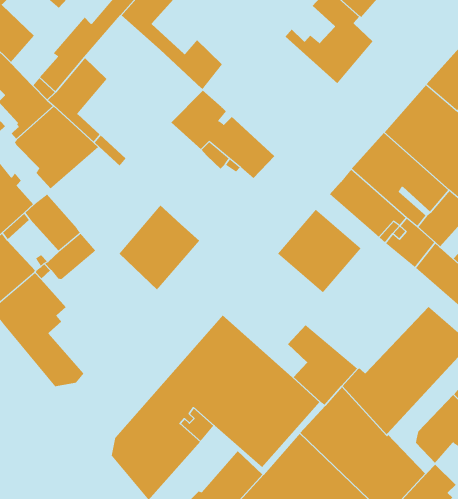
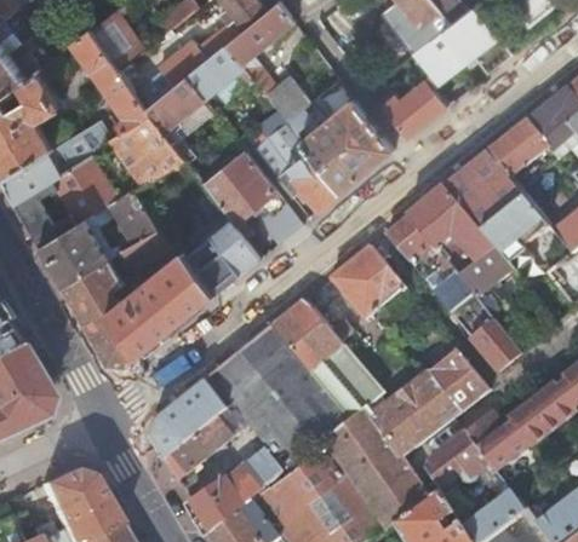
building: none -> [185,44,253,98]
building: none -> [301,77,393,192]
building: none -> [204,151,302,244]
building: none -> [111,252,214,357]
building: none -> [269,300,342,392]

